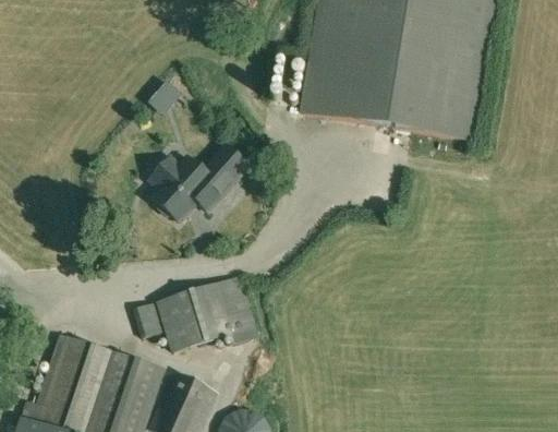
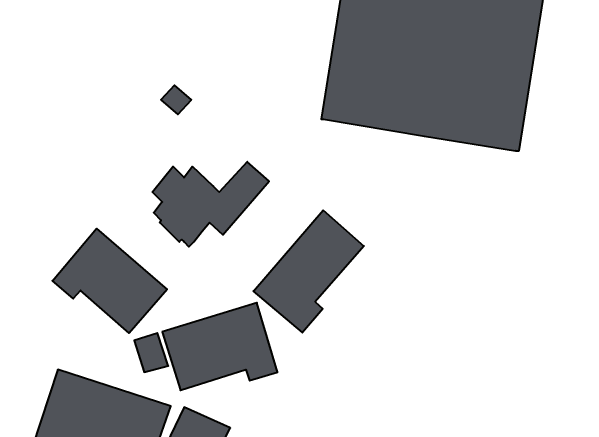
building: none -> [253,210,364,333]
building: none -> [52,229,167,333]

